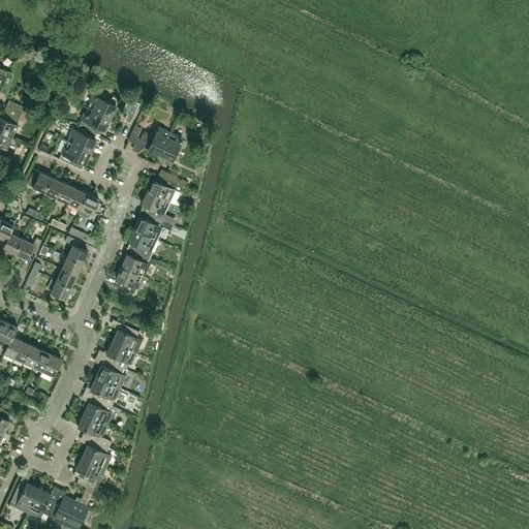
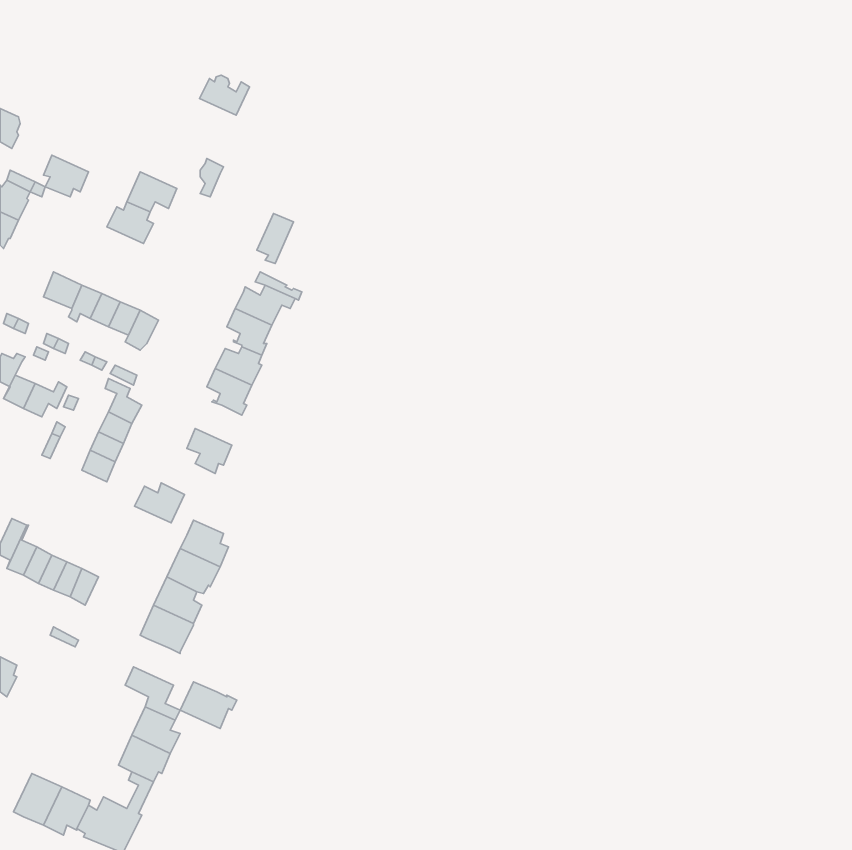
building: [87,93,118,118] -> [199,75,249,115]
building: [128,126,169,156] -> none
building: [61,142,89,167] -> [43,155,88,197]
building: [121,252,152,277] -> [135,483,185,523]
building: [83,397,118,426] -> [180,682,237,728]

